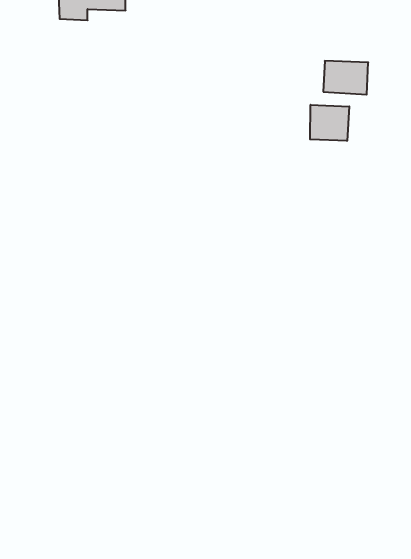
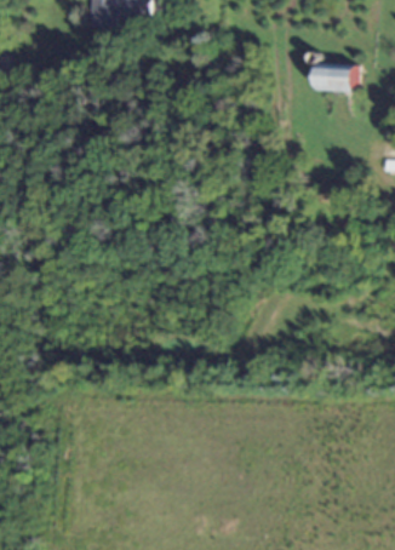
building: [310,105,349,141] -> none

